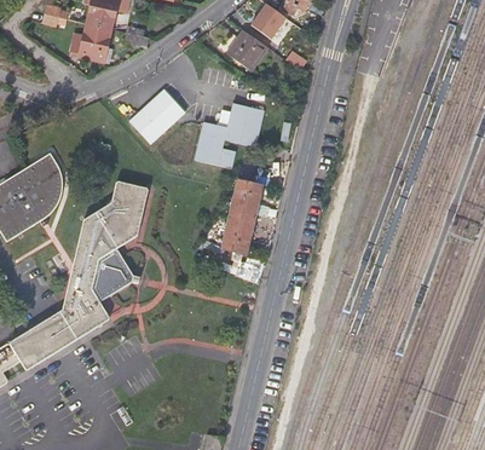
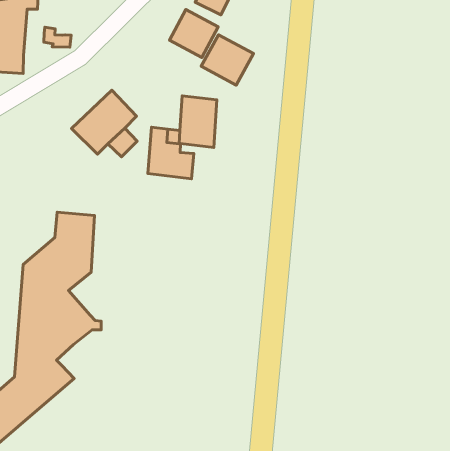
building: none -> [201,35,253,85]
building: [221,180,259,250] -> none

